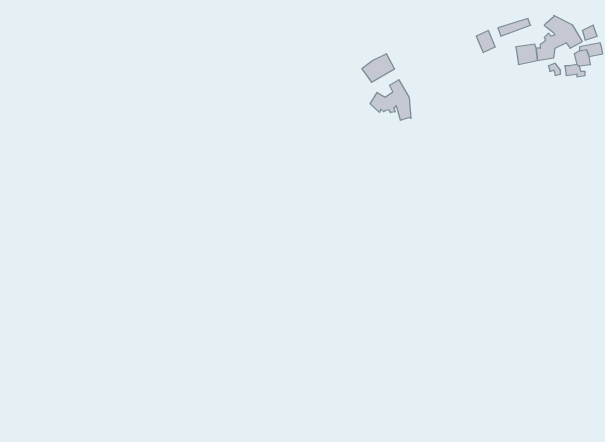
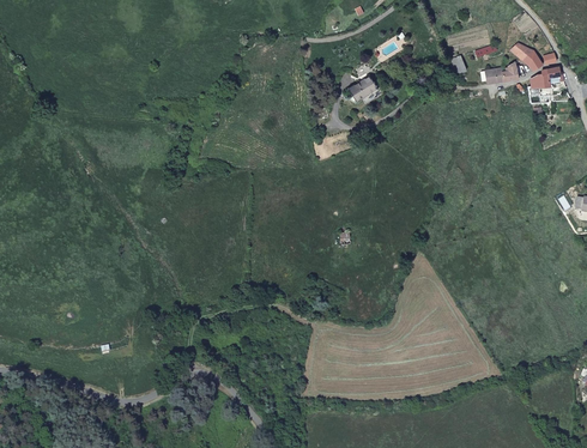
building: [370,80,411,120] -> none

